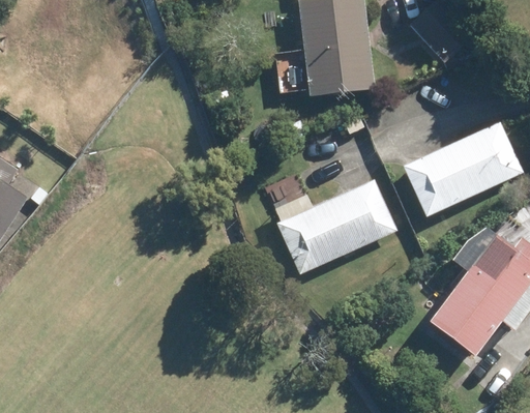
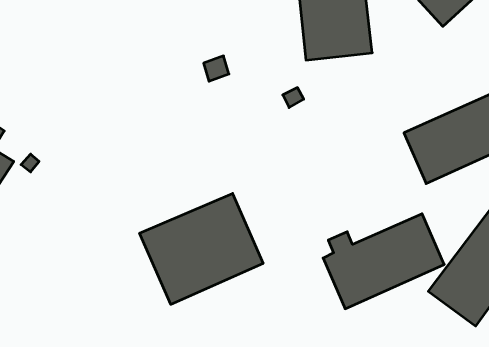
building: [277,180,396,273] -> [323,214,444,309]
building: none -> [140,193,263,304]

